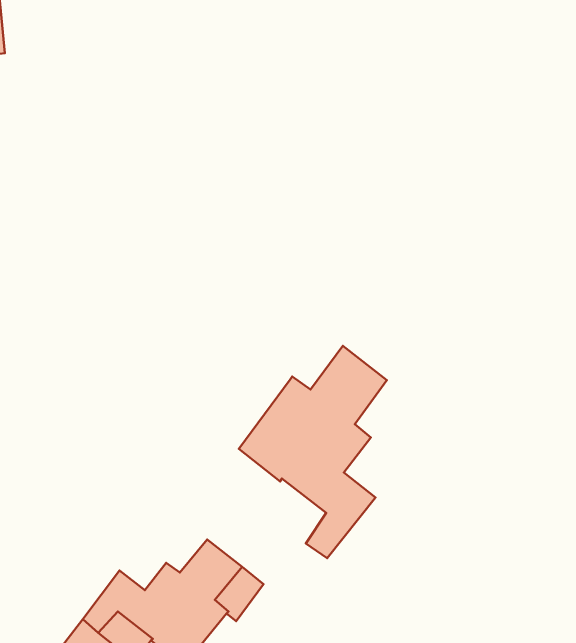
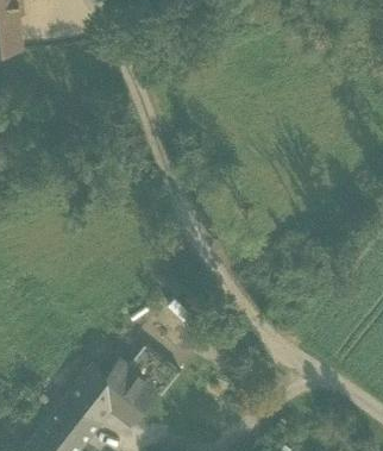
building: [239,346,387,558] -> none

